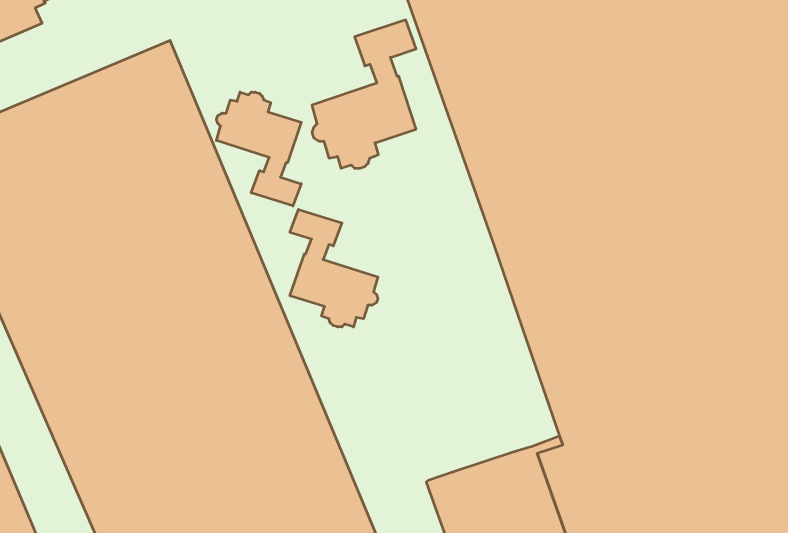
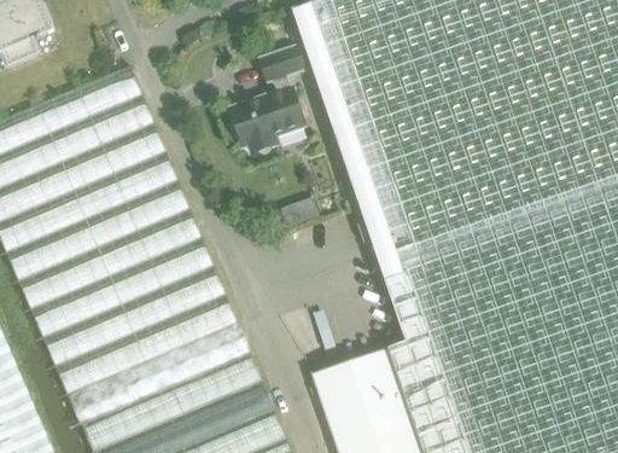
building: [216,92,301,206] -> none
building: [290,209,378,327] -> none

